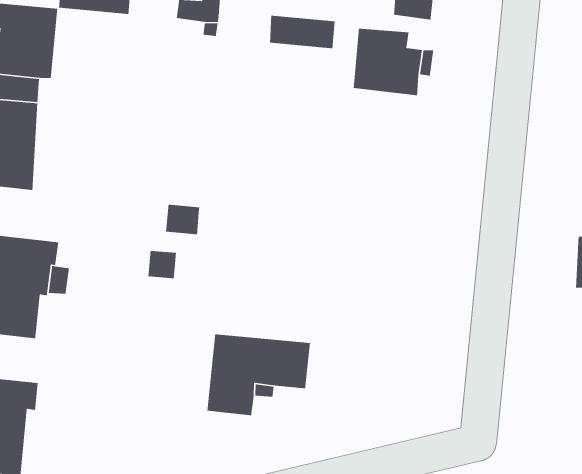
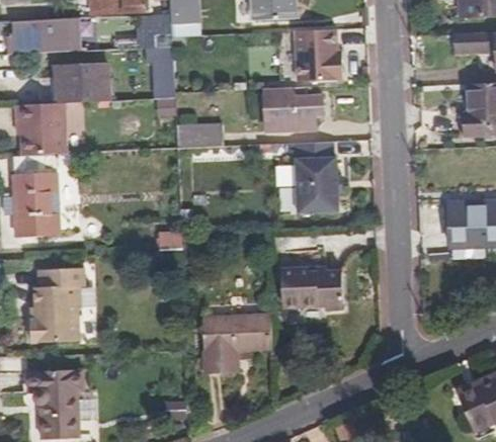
building: [269,15,336,49] -> [175,125,223,148]
building: none -> [298,160,343,218]
building: none -> [280,267,341,306]

